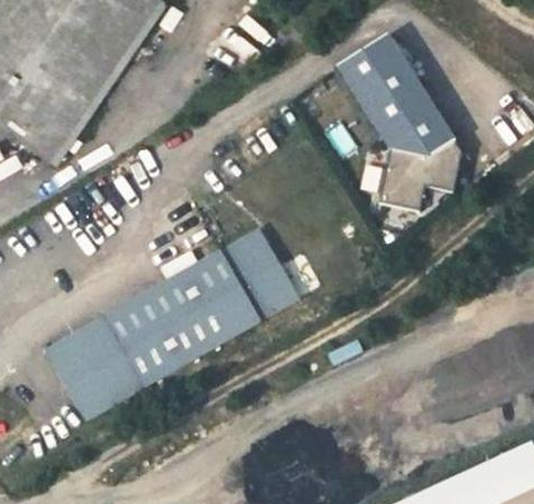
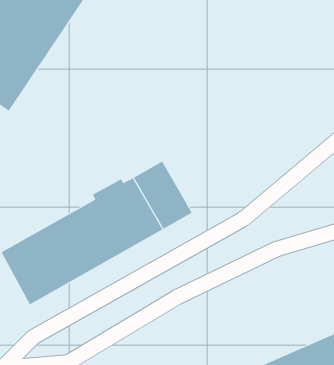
building: [335,33,469,217] -> none

